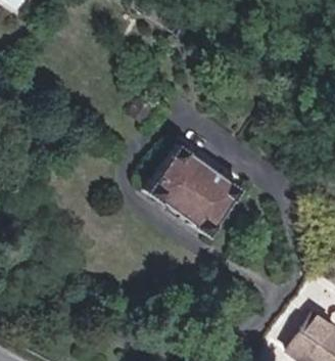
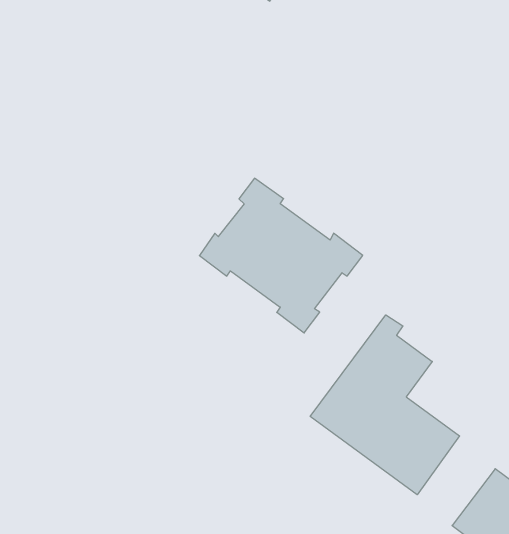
building: none -> [310,315,460,495]

